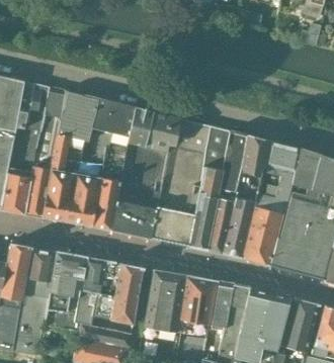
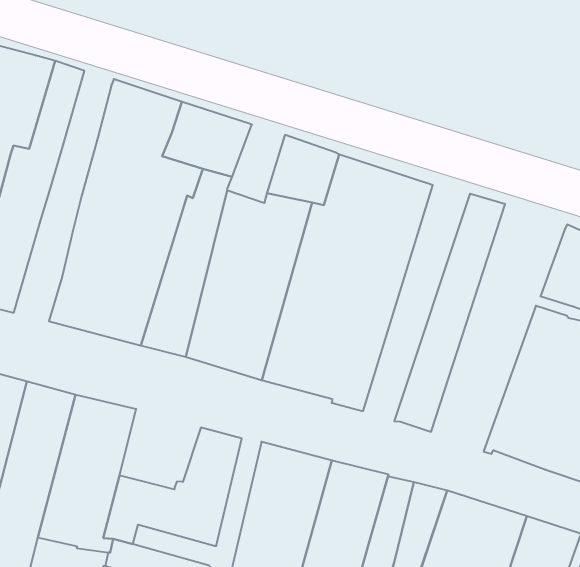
building: [23,87,66,215] -> none
building: [128,108,155,148] -> none
building: [204,132,251,254] -> none
building: [240,140,301,266] -> none
building: [83,257,118,295] -> none

